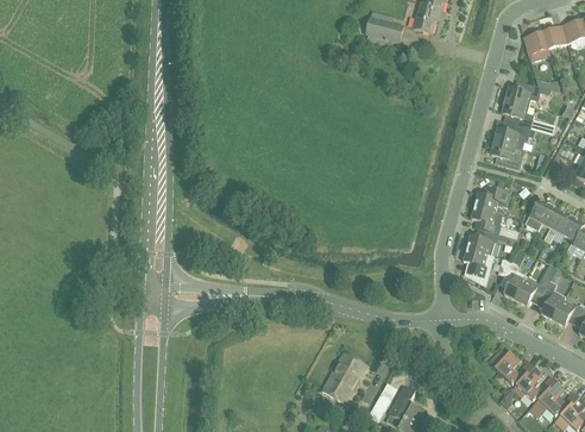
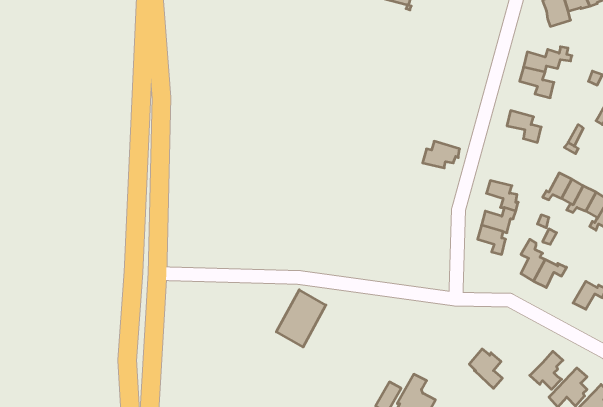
building: [493,125,534,149] -> none
building: [474,186,509,211] -> [423,141,460,168]
building: [540,280,565,320] -> none
building: [489,348,520,384] -> [469,349,502,388]
building: [321,351,367,405] -> [276,290,326,347]

